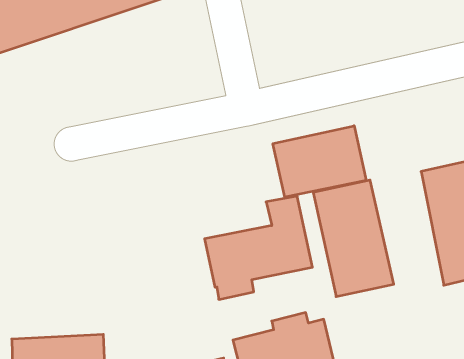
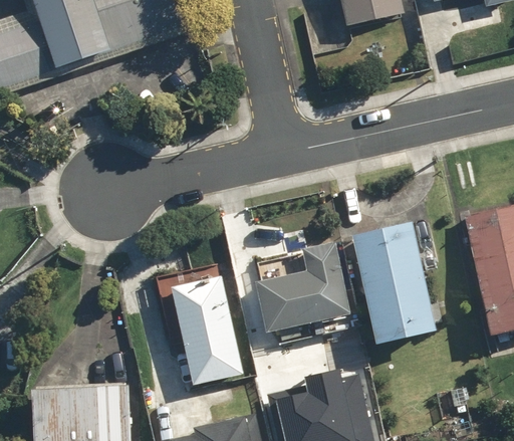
building: [273,126,366,197] -> none
building: none -> [171,276,244,387]

